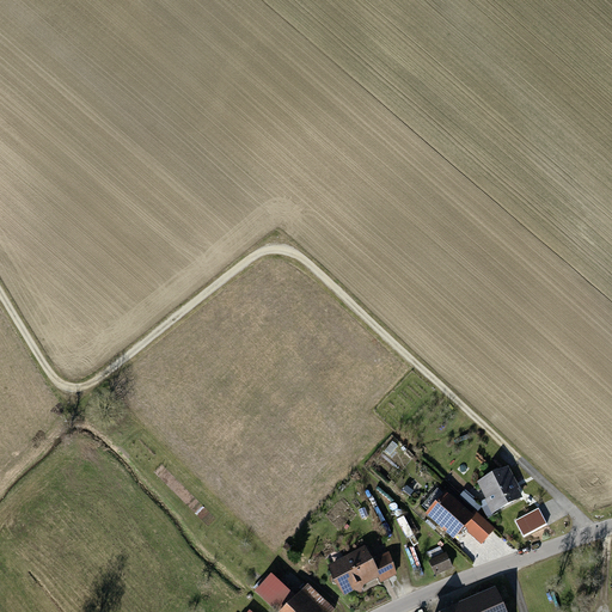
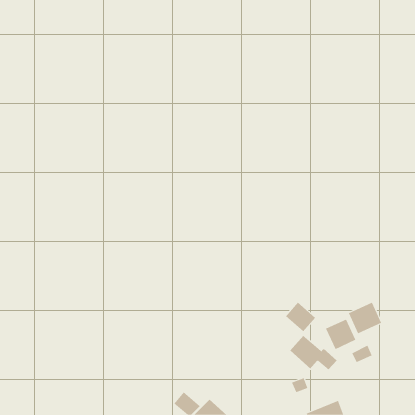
building: none -> [348,302,382,334]
building: none -> [285,302,316,332]
building: [328,546,397,594] -> none

